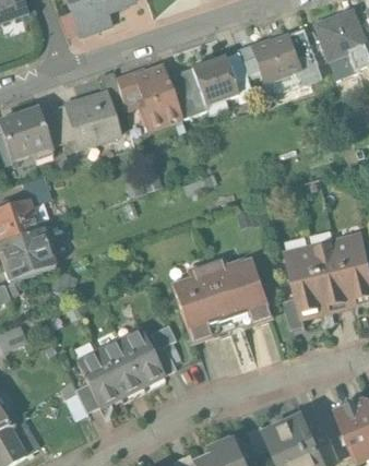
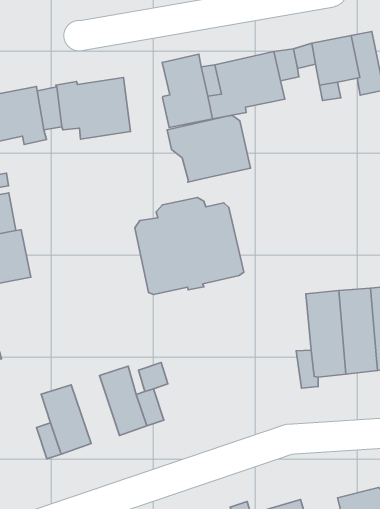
building: [120,75,148,111] -> none
building: none -> [167,115,250,182]
building: [178,254,271,337] -> [135,198,244,295]
building: [103,337,147,393] -> none

